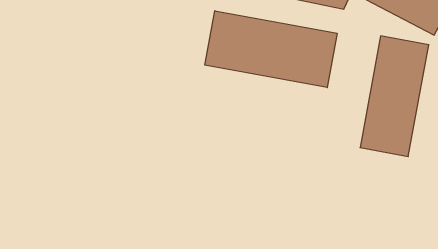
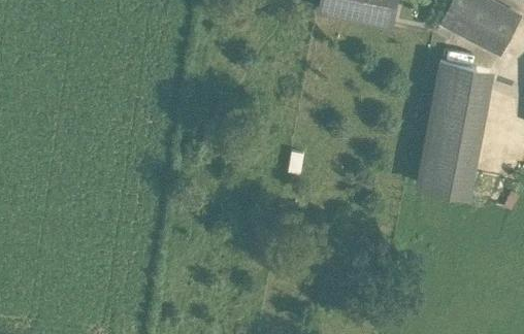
building: [205,11,337,88] -> none

